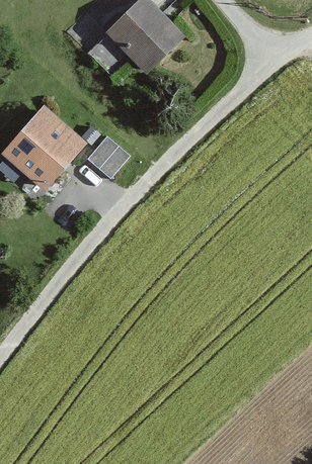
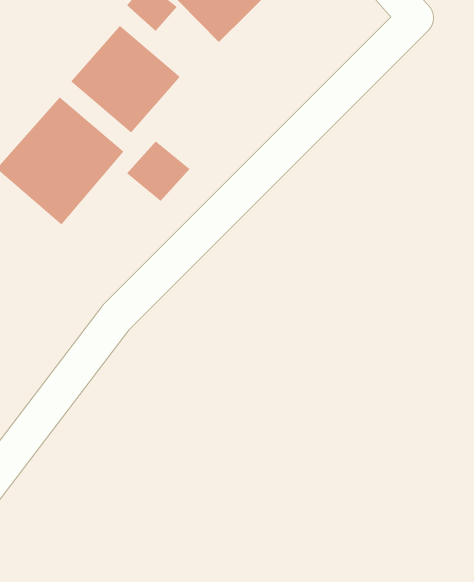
building: none -> [70,25,181,133]

